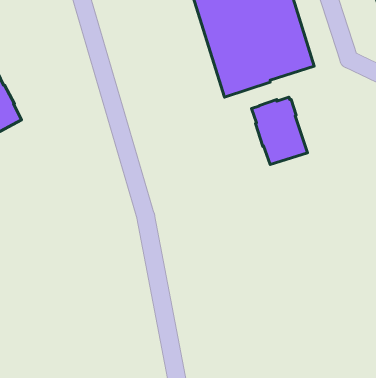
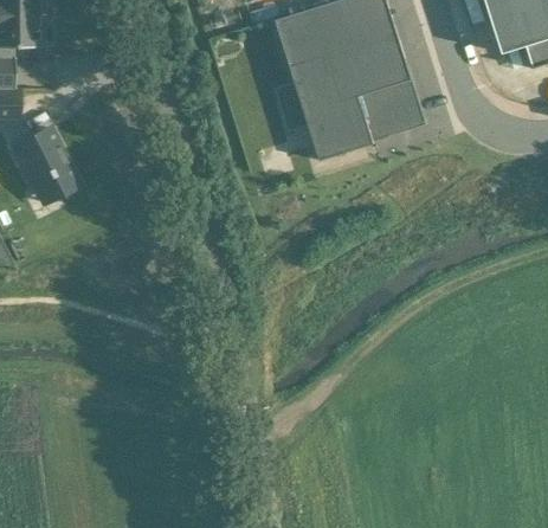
building: [252,97,307,165] -> none

